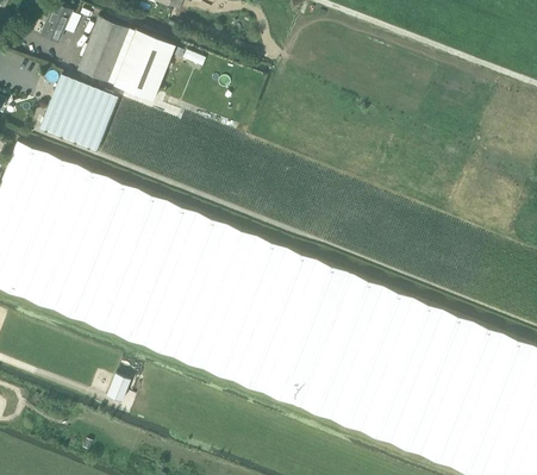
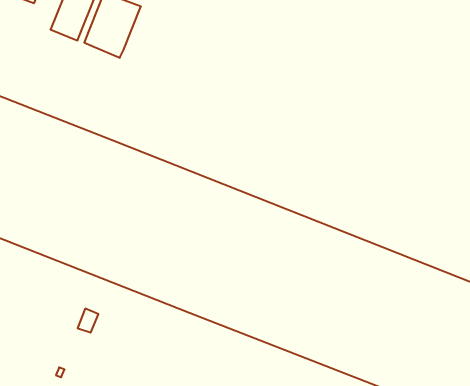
building: [40,74,119,151] -> none

